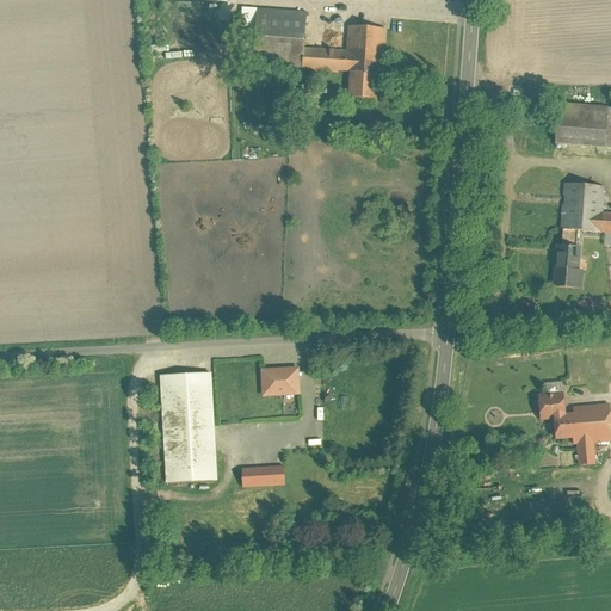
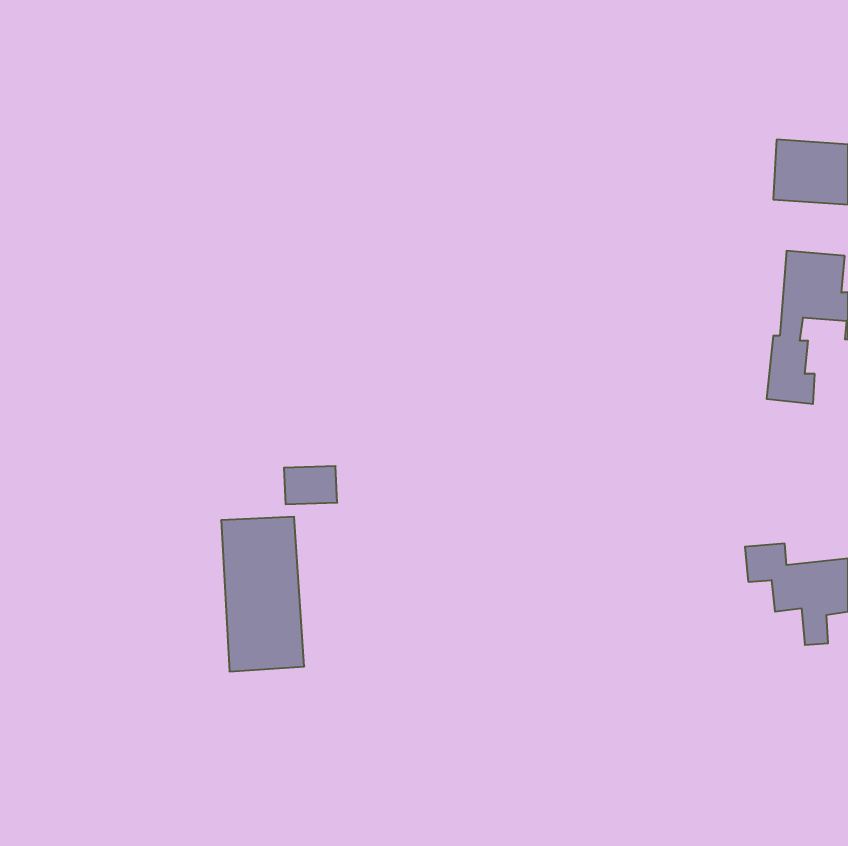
building: [252,7,389,101] -> none
building: [261,366,300,394] -> [284,466,337,504]
building: [235,465,285,486] -> none

